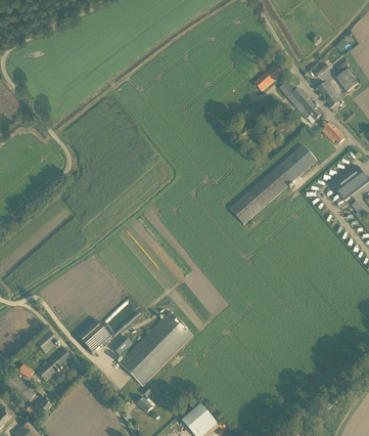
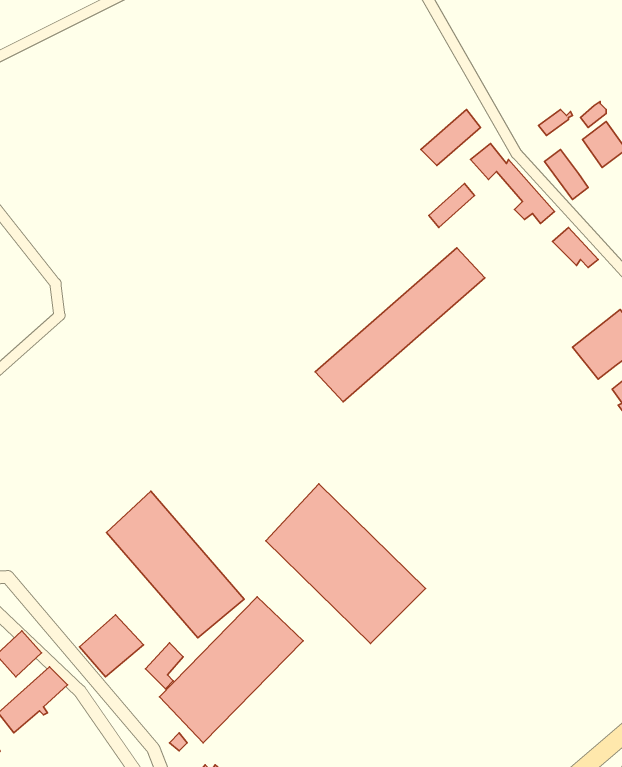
building: [229,144,316,223] -> [315,248,485,402]
building: none -> [266,484,426,644]
building: none -> [107,491,244,638]

